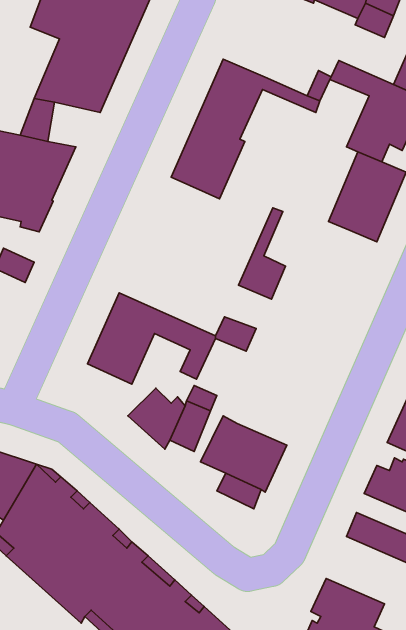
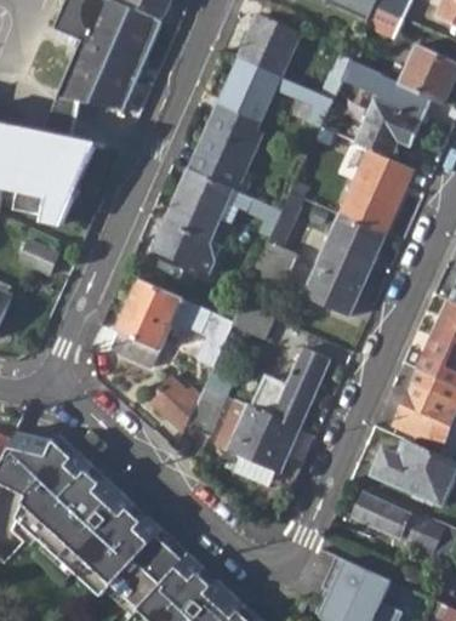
building: none -> [238,18,298,78]
building: none -> [152,172,253,278]
building: none -> [301,215,384,318]
building: none -> [251,348,329,428]

